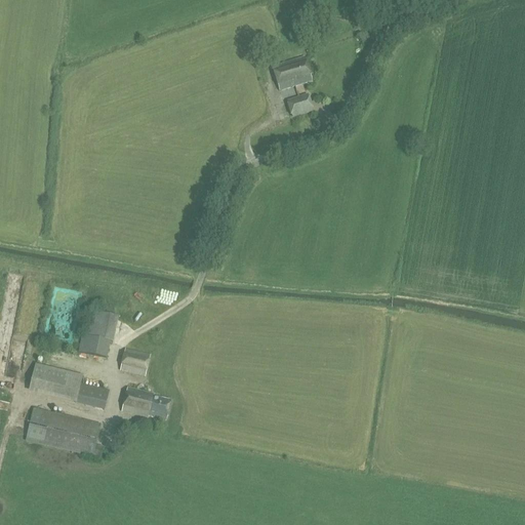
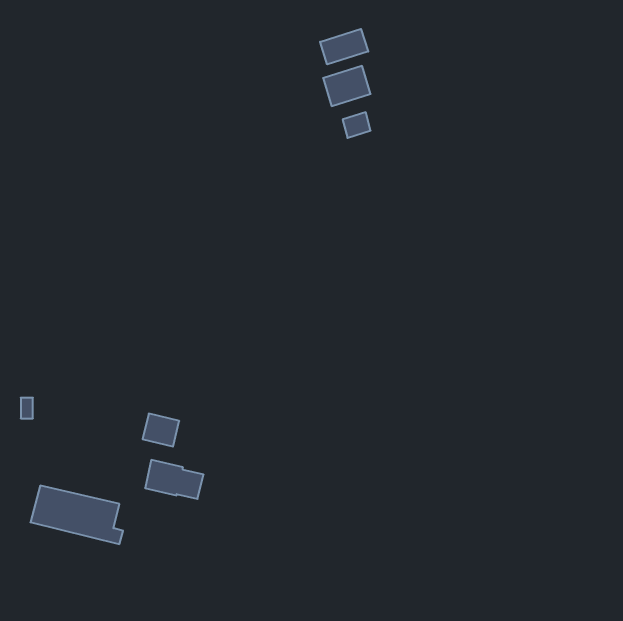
building: none -> [320,29,368,64]
building: [79,310,118,357] -> none
building: [31,363,109,409] -> none

